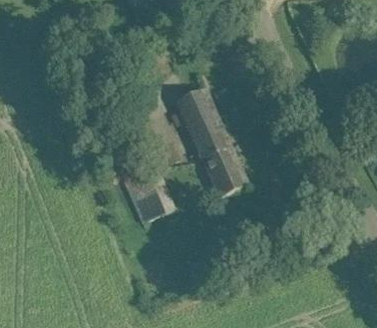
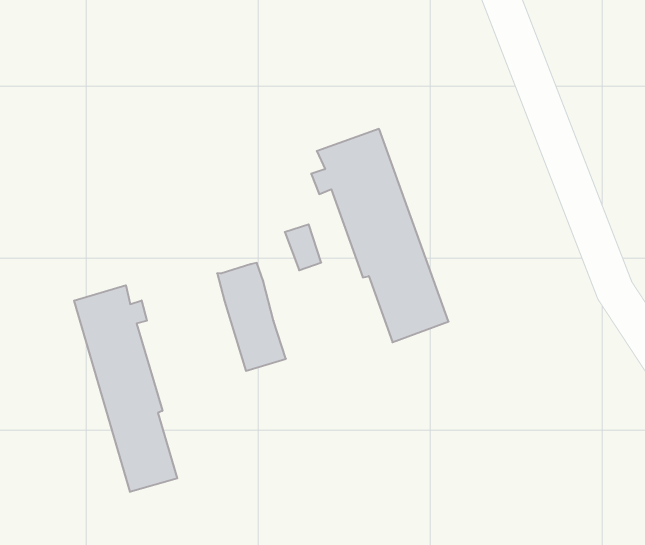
building: none -> [74,285,177,492]

